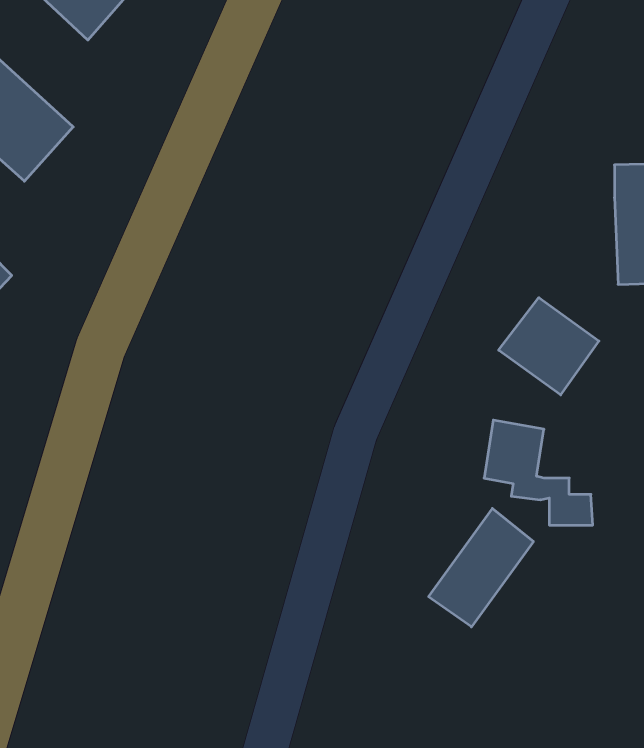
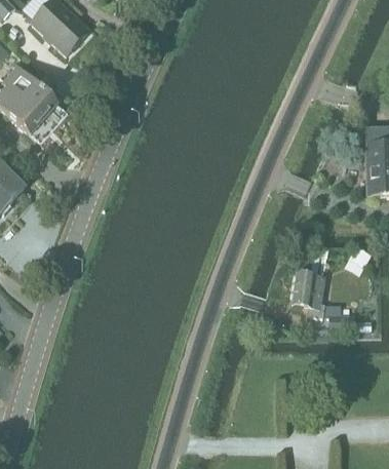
building: [499,298,599,395] -> none
building: [429,508,533,627] -> none

